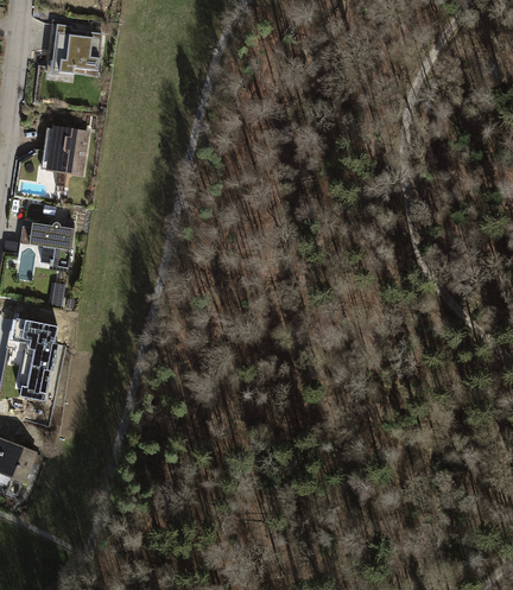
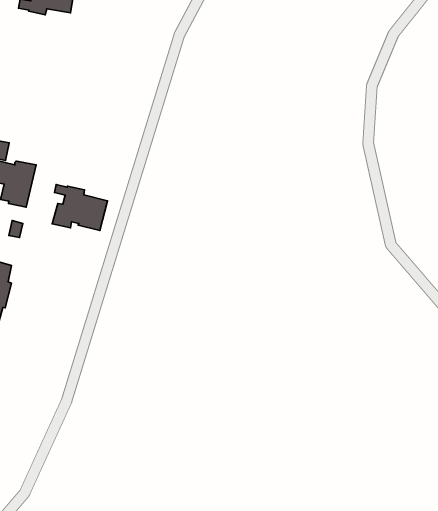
building: [40,127,86,169] -> none
building: none -> [52,185,108,230]

